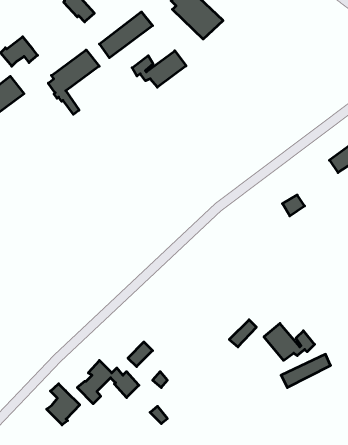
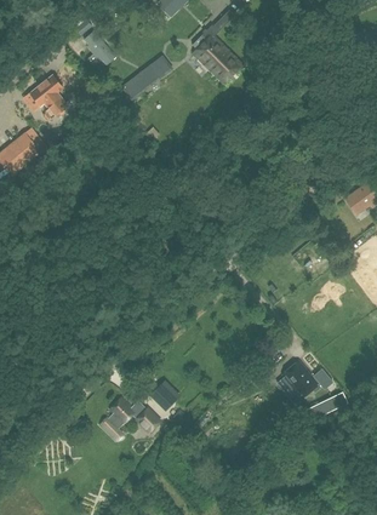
building: [48,50,99,114] -> none
building: [132,51,186,87] -> none
building: [47,384,80,425] -> none

